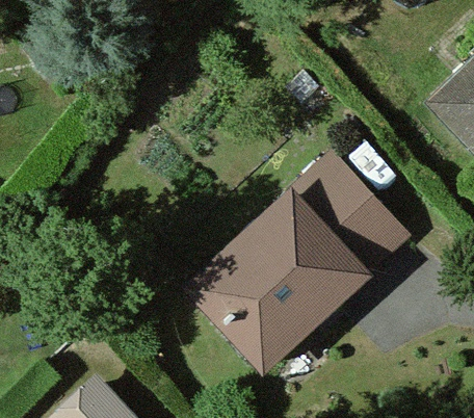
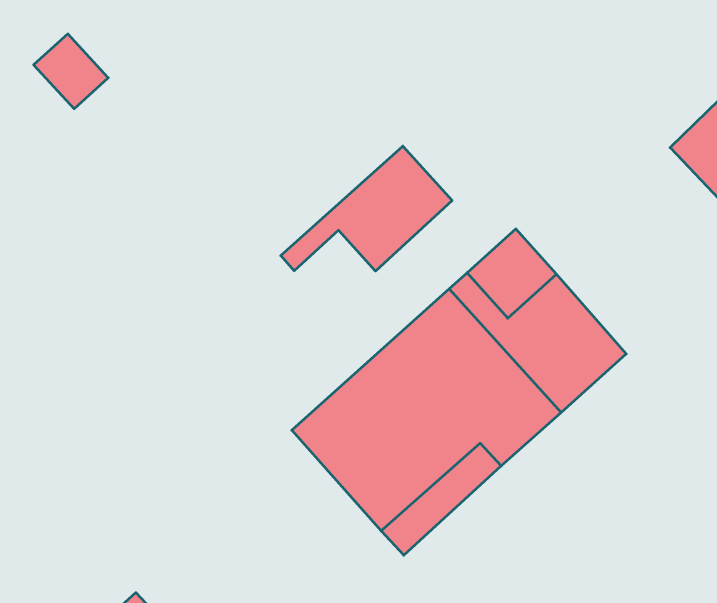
building: none -> [281,146,452,271]

